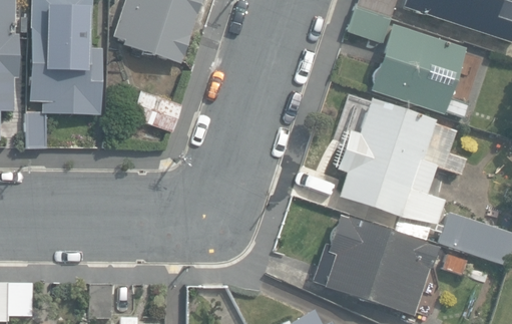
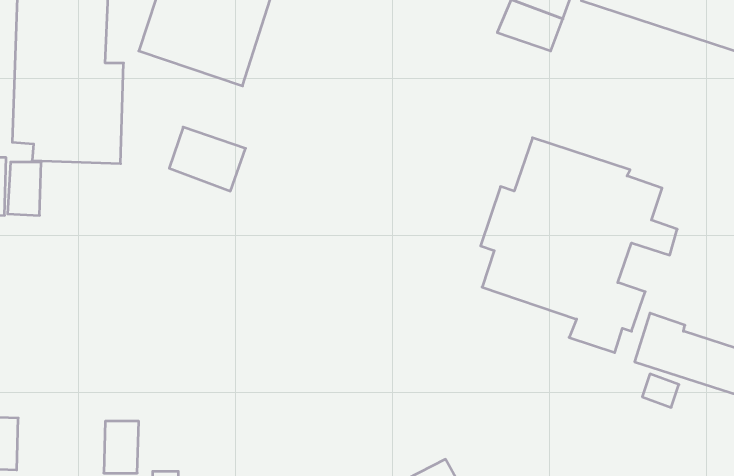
building: [372,24,470,117] -> none
building: [314,215,439,315] -> none

